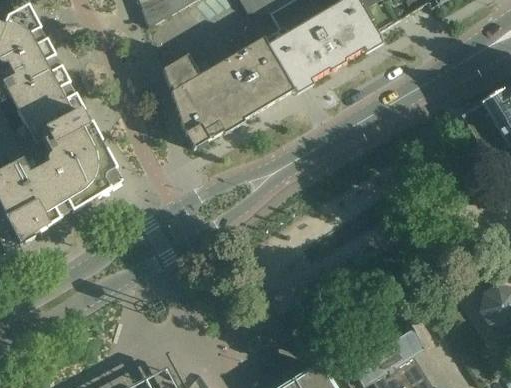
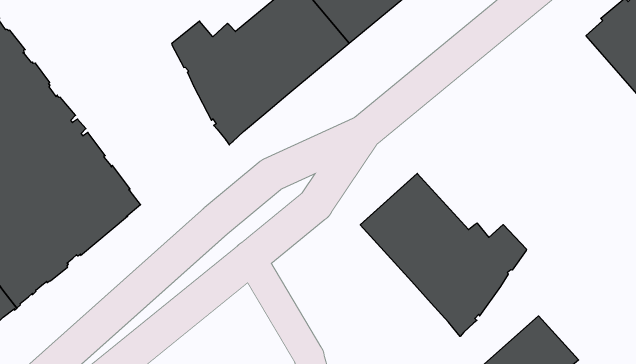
building: none -> [360,173,526,336]

